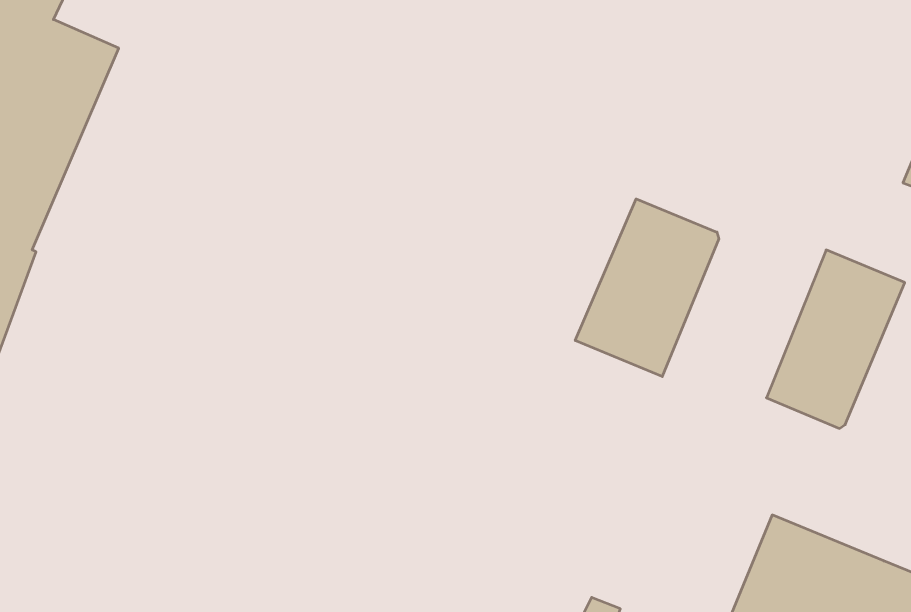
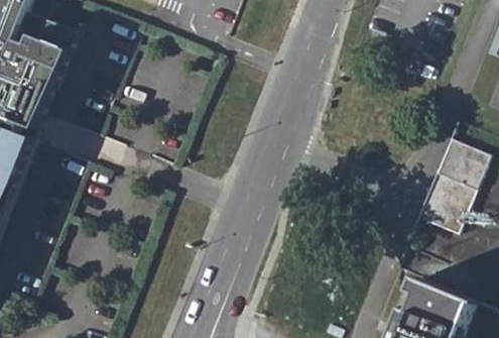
building: [575,199,719,377] -> none

